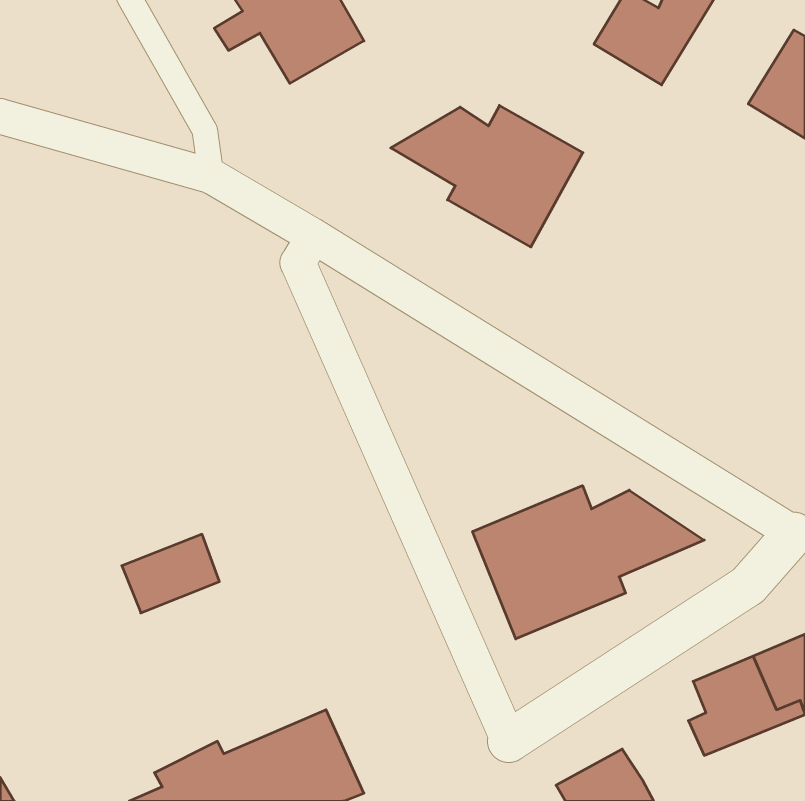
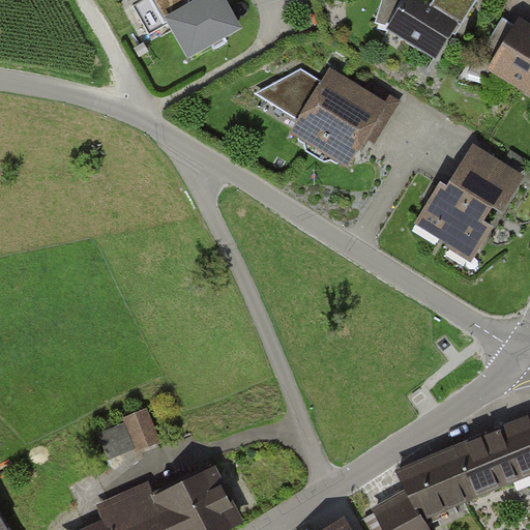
building: none -> [421,148,523,260]
building: [473,486,704,639] -> none
building: [122,534,219,613] -> [99,406,164,458]
building: none -> [399,448,464,513]

